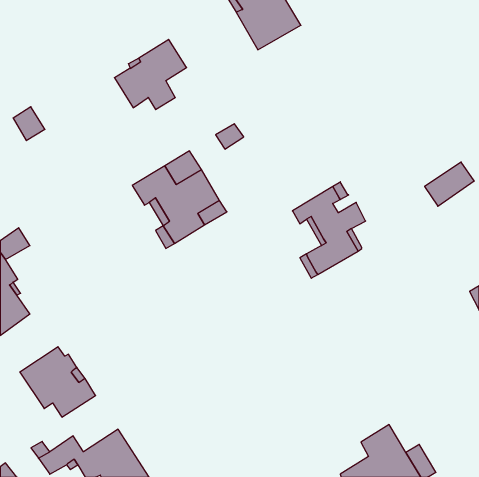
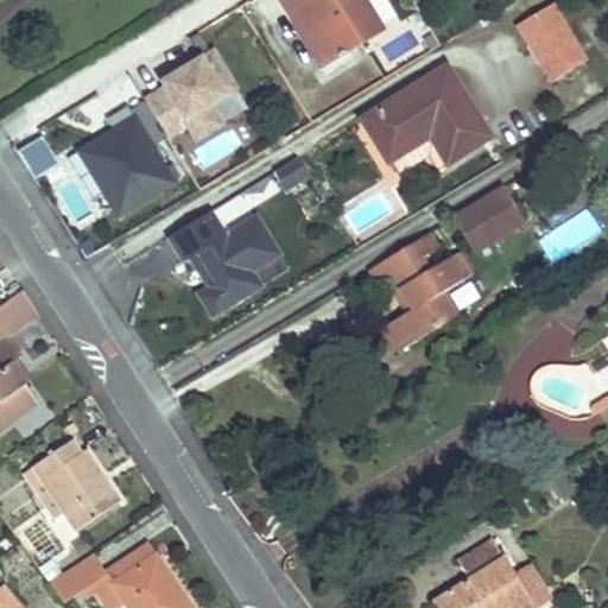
building: none -> [520,5,584,81]
building: none -> [363,68,490,160]
building: none -> [71,112,177,221]
building: none -> [452,186,525,252]

